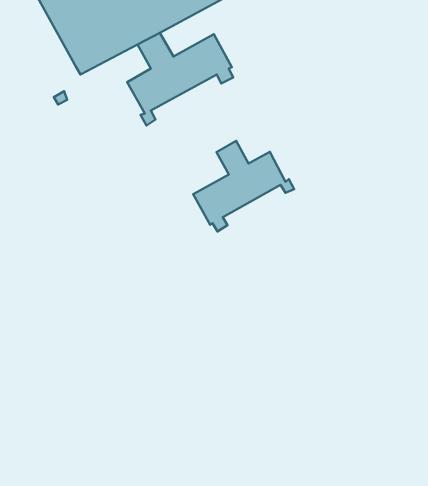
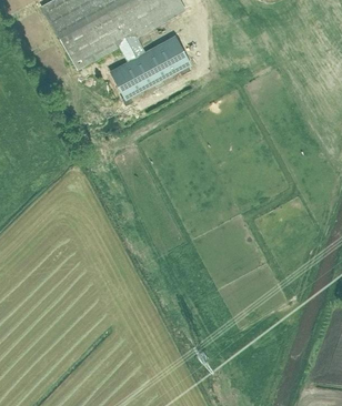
building: [193,141,294,231] -> none

